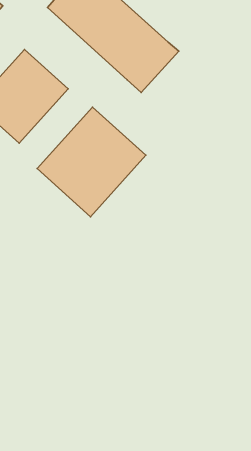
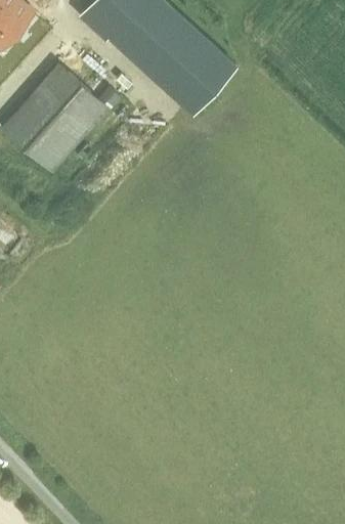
building: [37,107,146,217] -> none

